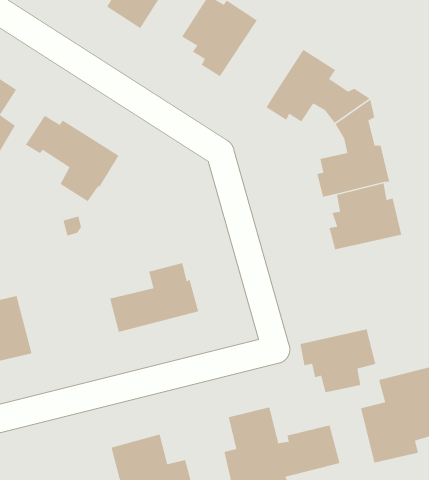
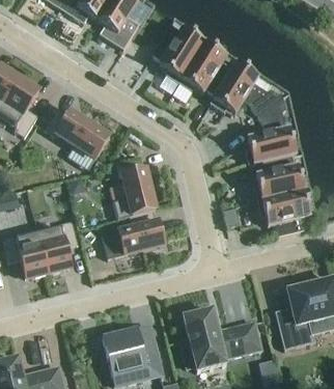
building: none -> [178,43,233,94]
building: none -> [113,157,155,218]
building: none -> [38,220,78,273]
building: [299,329,376,393] -> [257,191,310,235]

